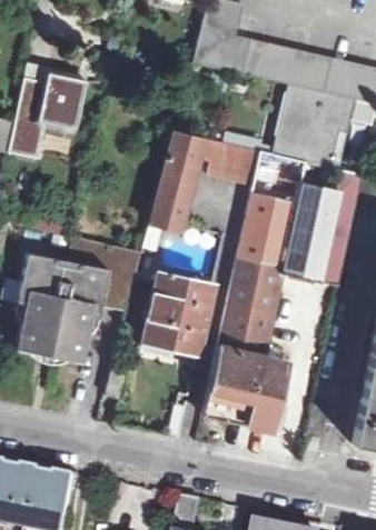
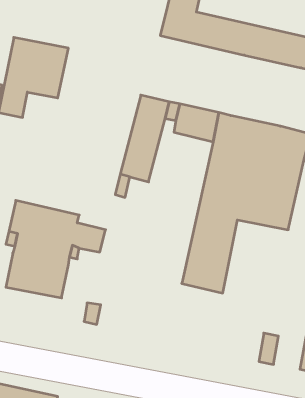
building: [275,86,355,167] -> none
building: [147,272,215,348] -> none
building: [202,346,288,428] -> none

